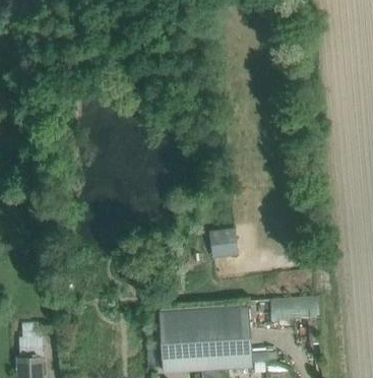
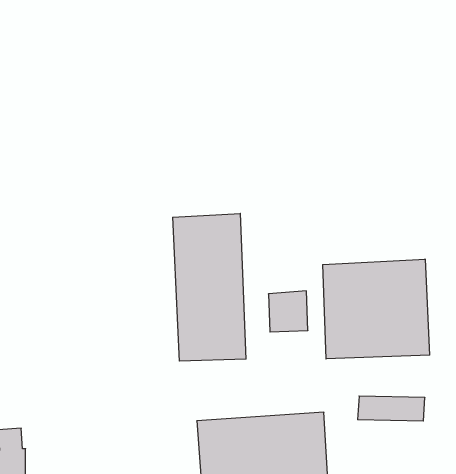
building: none -> [173,213,246,361]
building: none -> [323,259,430,359]

